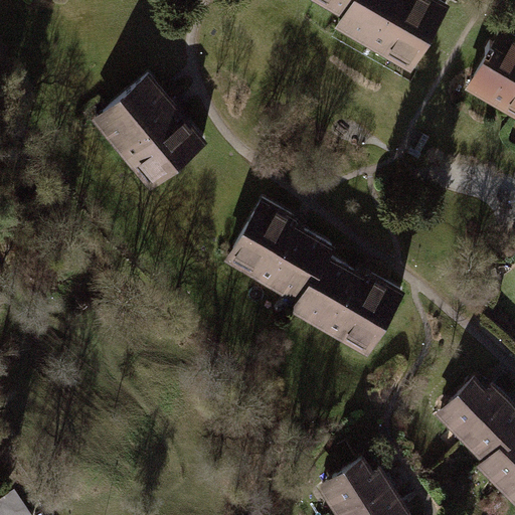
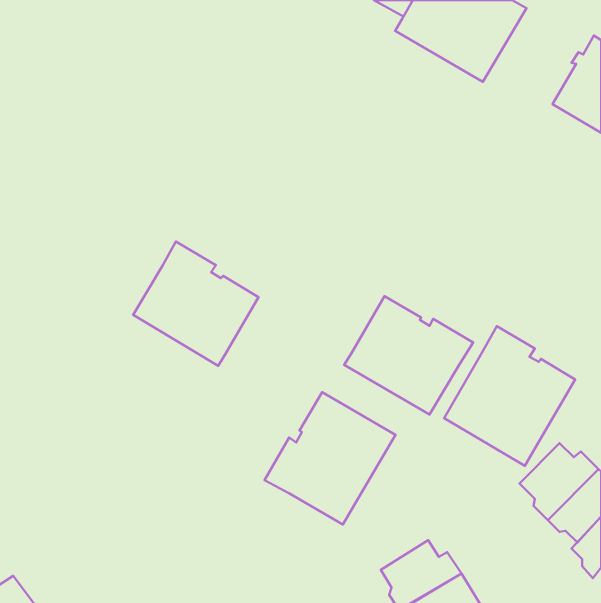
building: [94,76,205,188] -> none
building: [224,198,331,304] -> [133,241,259,366]
building: none -> [444,326,575,466]
building: none -> [264,392,395,525]

